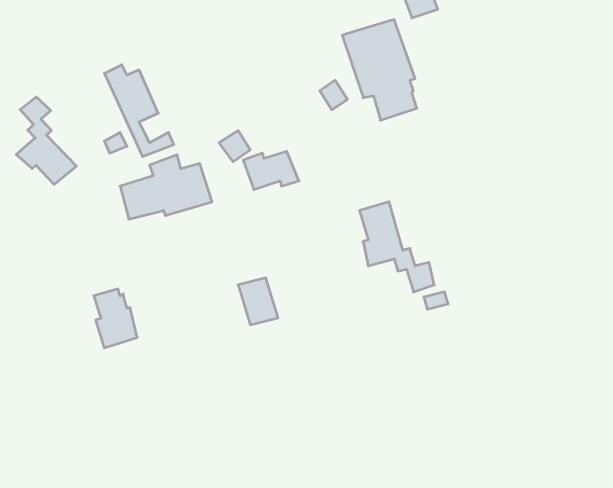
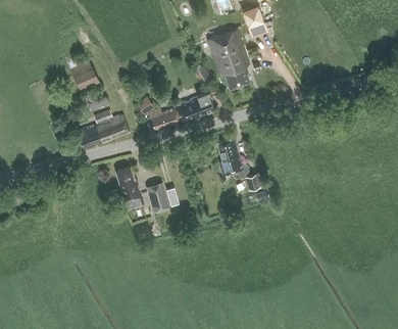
building: [16,97,76,184] -> none
building: none -> [176,91,214,127]
building: [94,289,137,348] -> [115,168,141,202]

